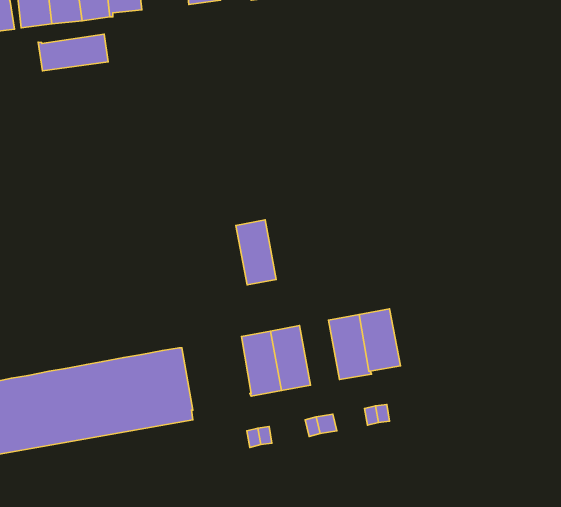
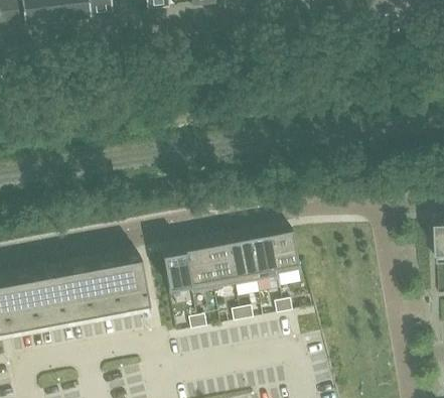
building: [38,34,108,71] -> none
building: [236,220,276,285] -> [226,237,255,284]
building: none -> [160,249,190,294]

